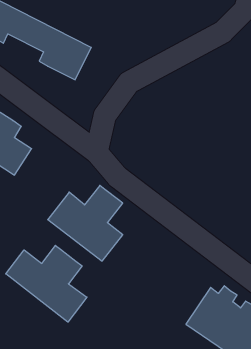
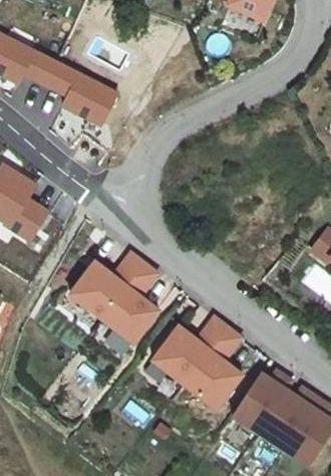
building: none -> [155,322,244,412]
building: [6,245,87,322] -> none

